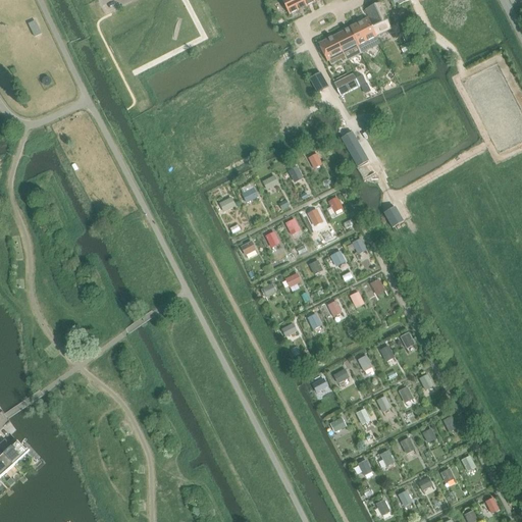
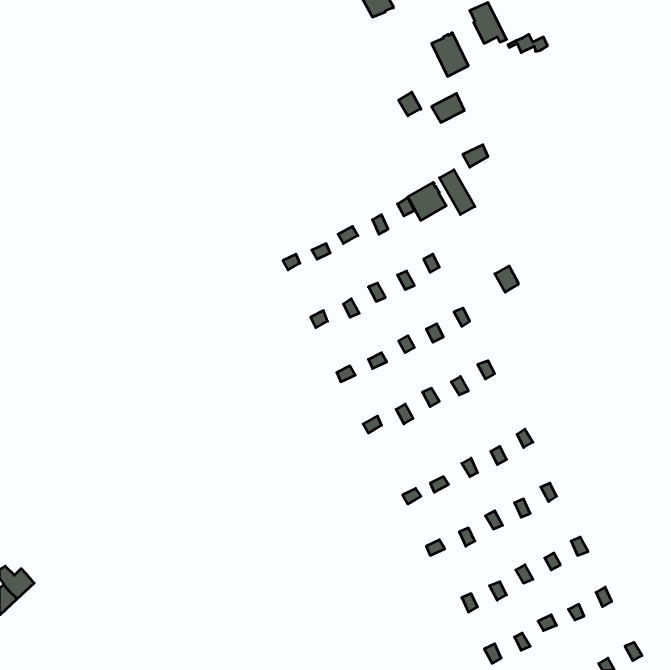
building: [351,17,379,51] -> none
building: [317,34,347,64] -> none
building: none -> [408,182,446,220]

